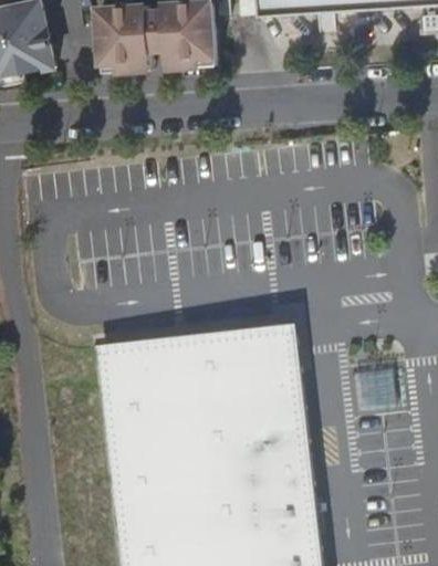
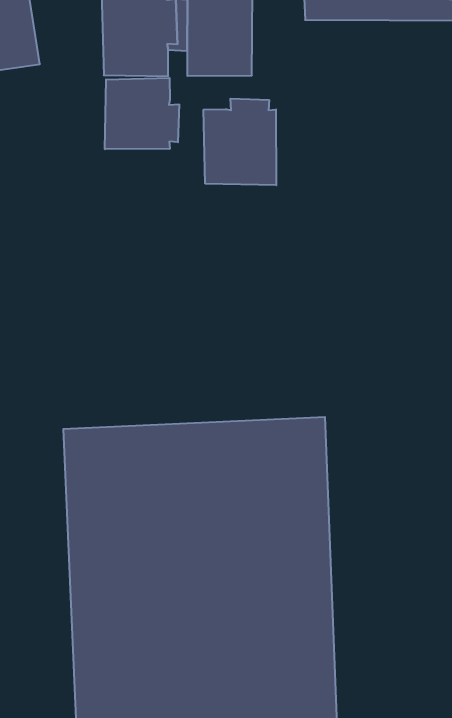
building: none -> [105,78,179,149]
building: none -> [204,99,276,185]

